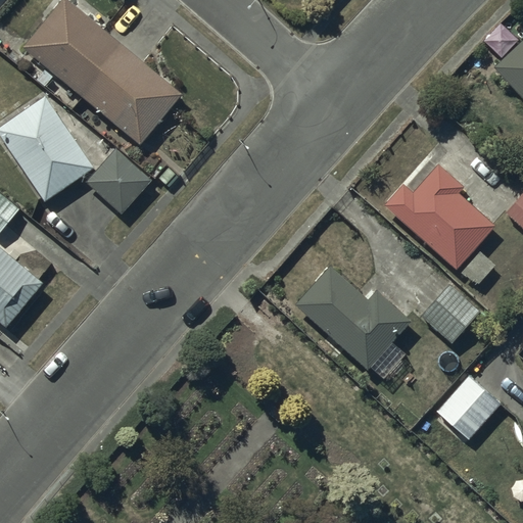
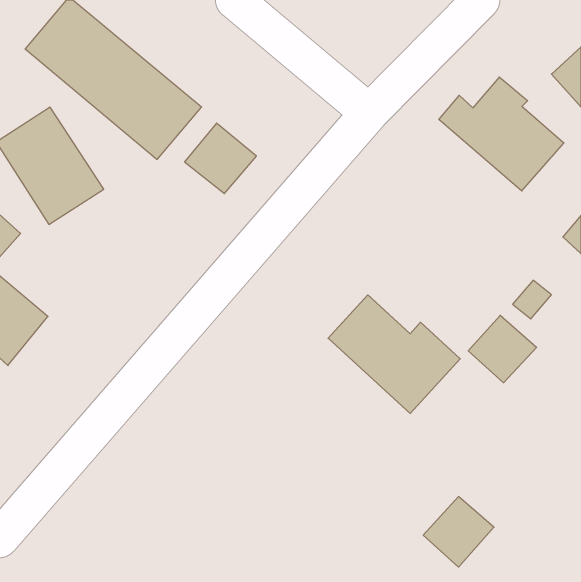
building: [87,149,151,212] -> [185,123,256,194]
building: [383,165,495,268] -> [439,77,564,191]
building: [437,376,501,439] -> [423,497,494,567]

